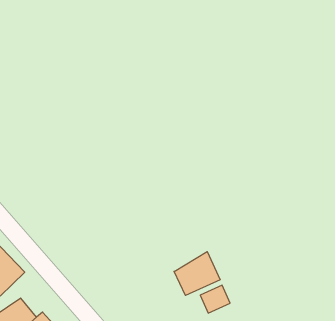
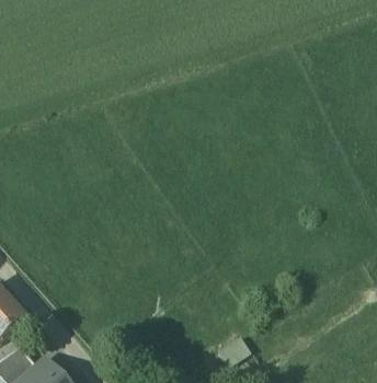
building: [174,252,220,295] -> none

